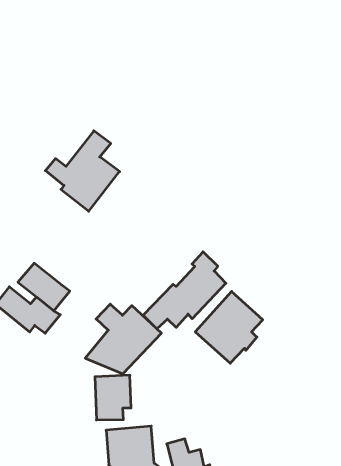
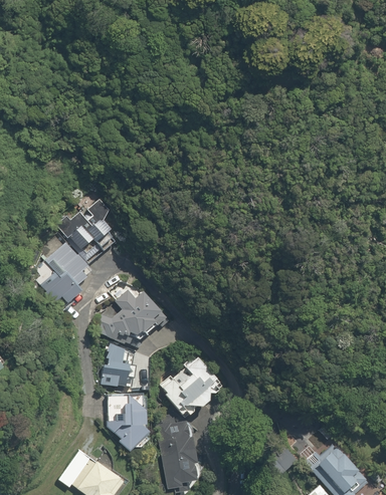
building: [45,131,120,211] -> [54,197,118,265]
building: [143,252,226,329] -> none
building: [195,291,263,363] -> [159,355,218,417]

